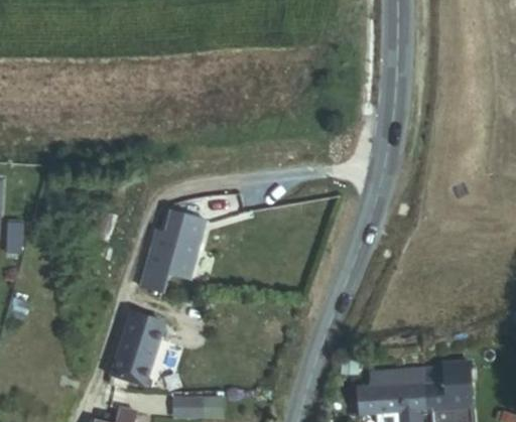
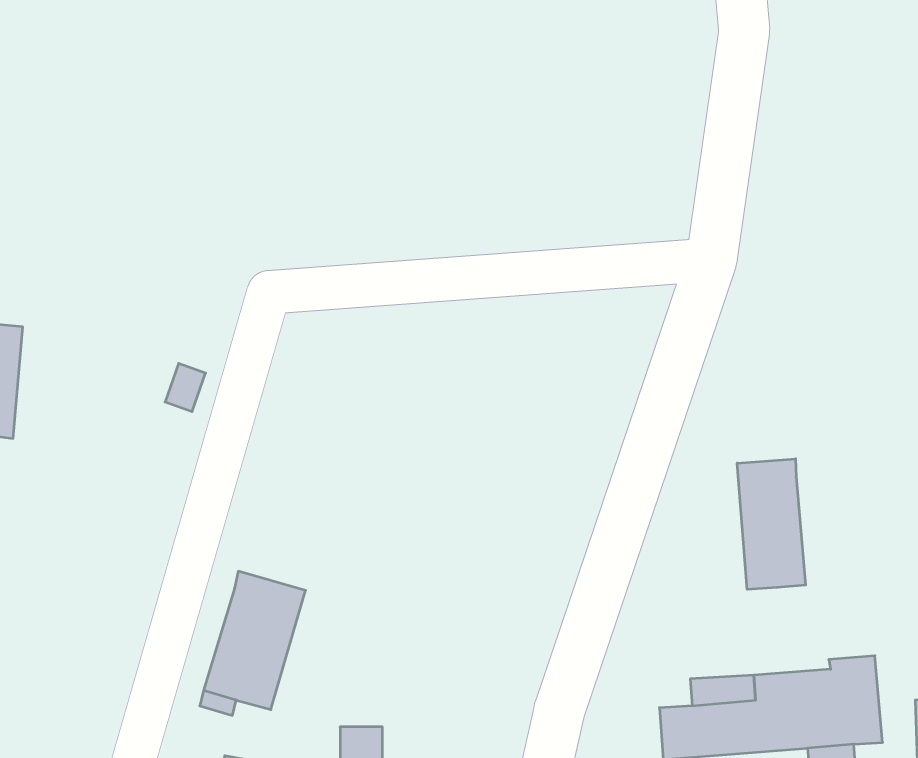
building: [139,210,207,292] -> none
building: none -> [737,459,806,589]

